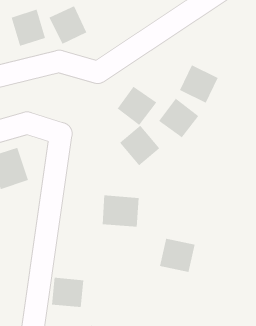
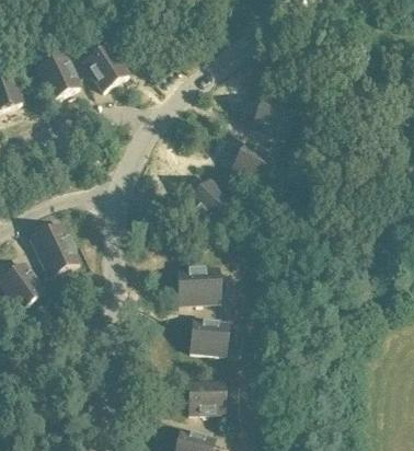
building: [117,86,157,126] -> none
building: [159,238,195,273] -> [188,317,229,356]
building: [51,277,84,308] -> [187,379,226,414]

